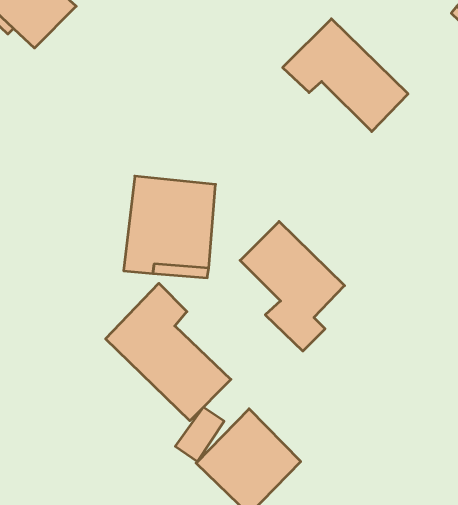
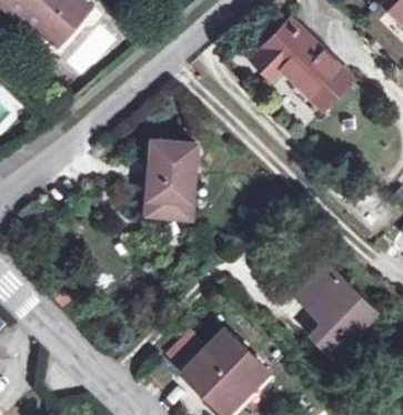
building: [240,221,345,351] -> [293,261,376,364]
building: [106,283,231,421] -> none

